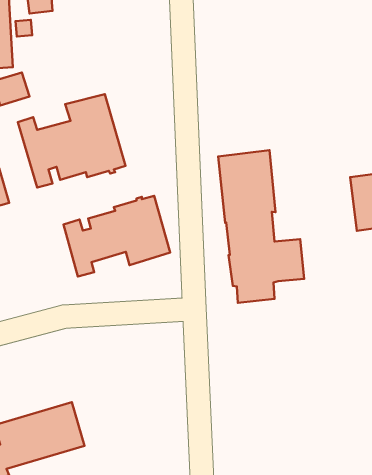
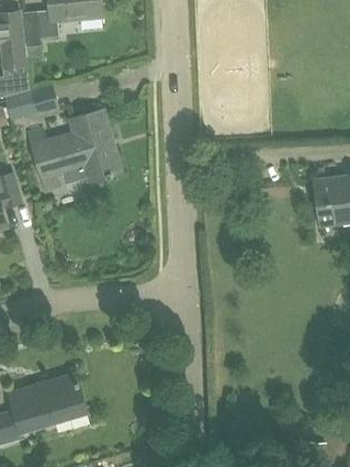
building: [218,150,304,303] -> none
building: [64,196,170,276] -> none

